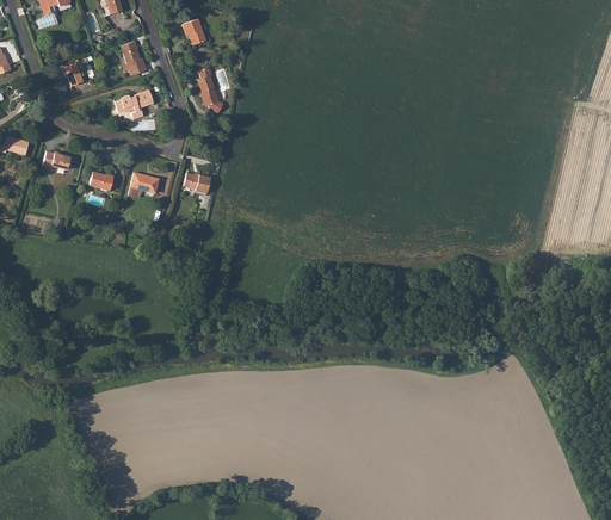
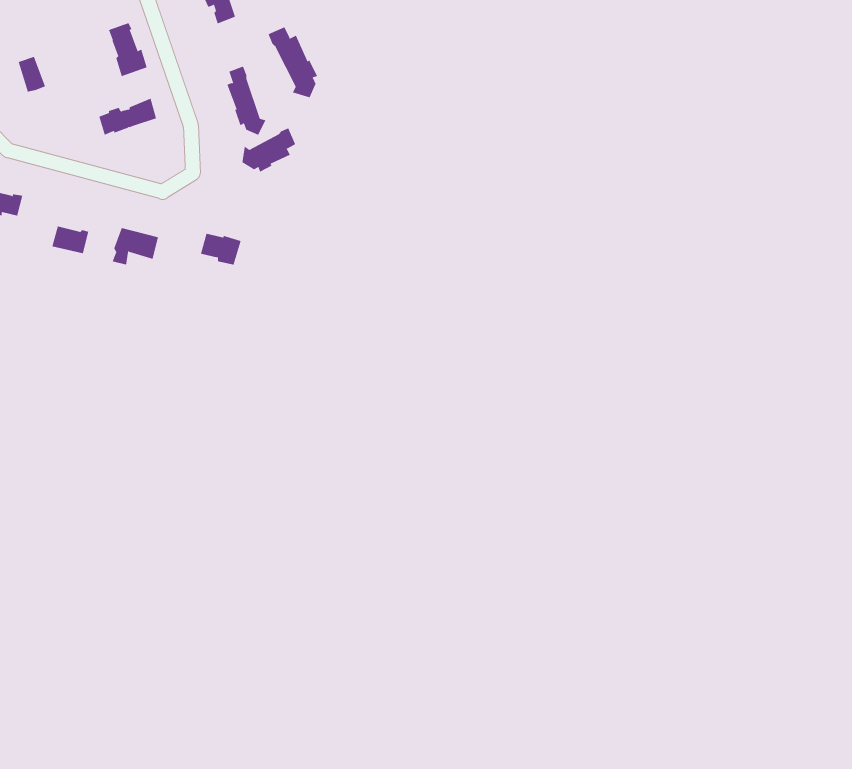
building: none -> [268,26,318,98]
building: none -> [242,127,296,173]

